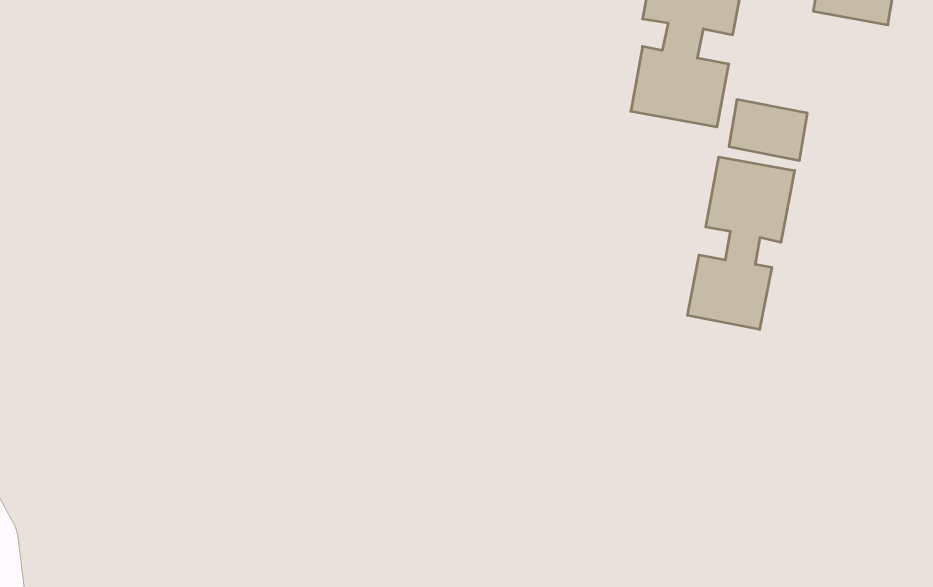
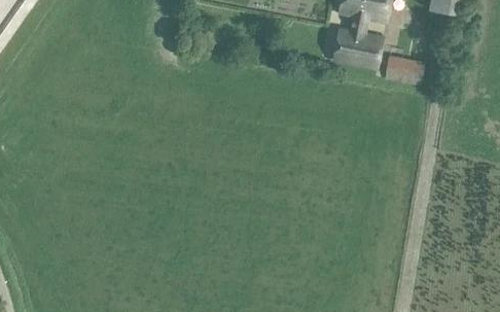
building: [688,157,795,330] -> none

